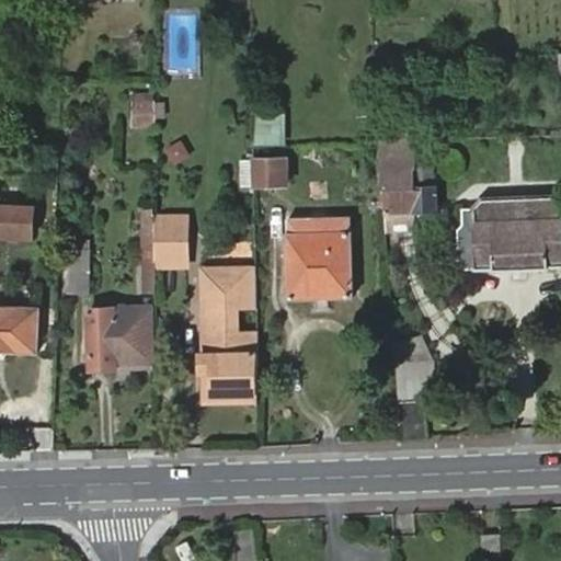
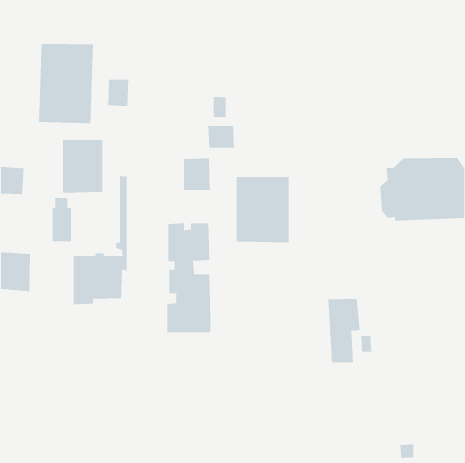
building: none -> [38,43,94,124]
building: [380,149,434,236] -> none
building: none -> [63,139,103,193]
building: [153,229,186,268] -> [183,158,211,191]

